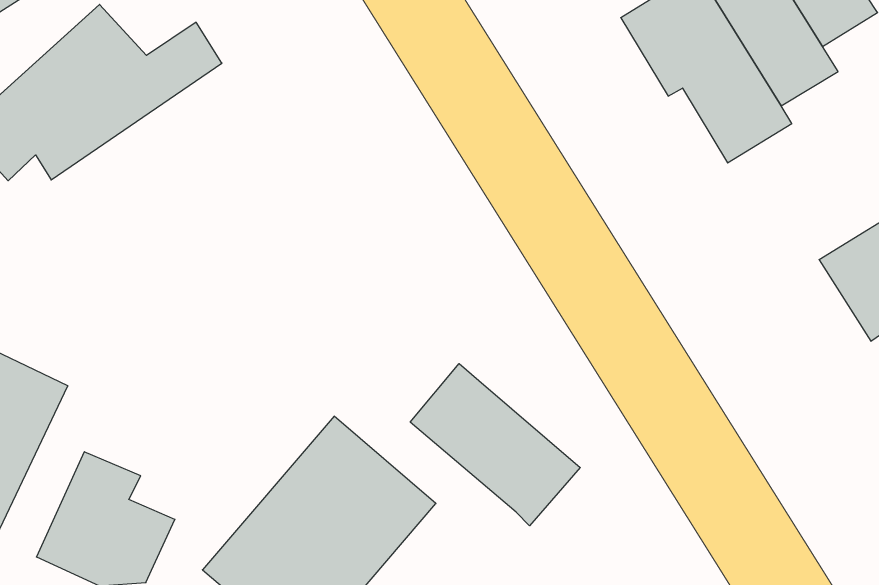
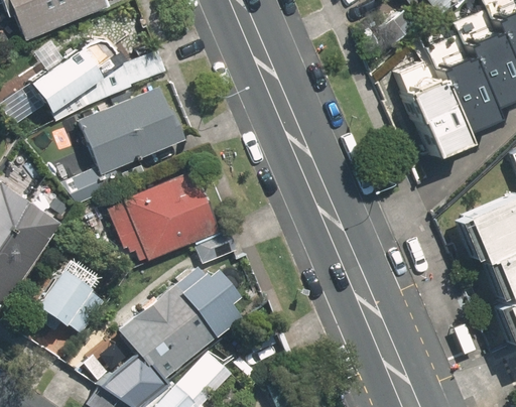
building: none -> [68,84,185,204]
building: none -> [109,172,238,266]
building: [410,364,580,526] -> none

